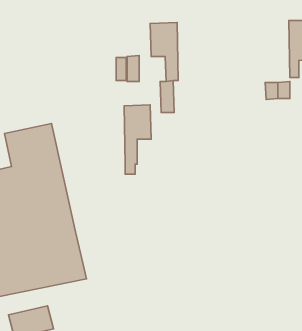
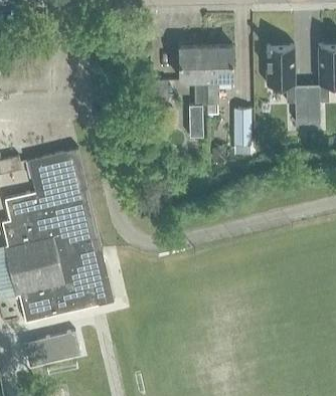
building: none -> [266,45,295,103]
building: none -> [232,109,250,146]
building: [124,105,151,174] -> [205,45,232,115]

